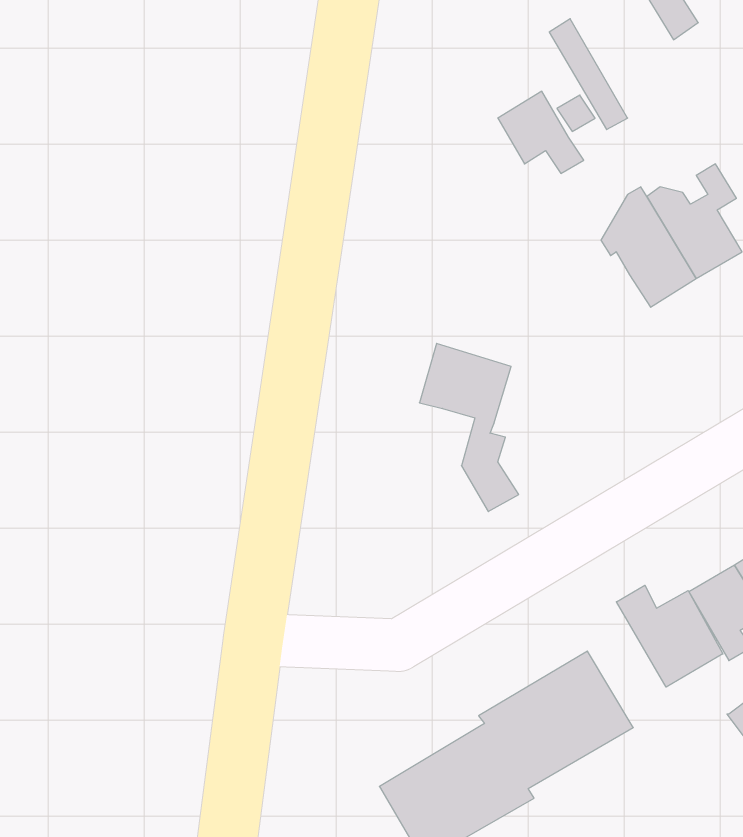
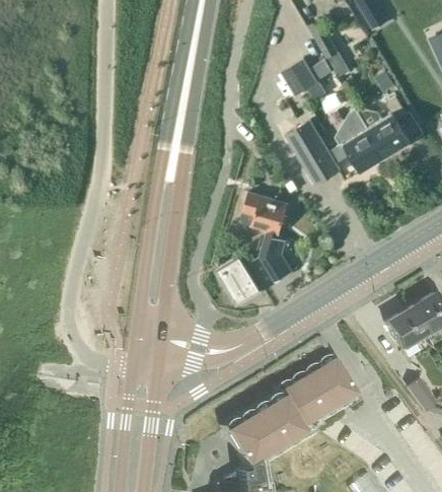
building: none -> [287,119,353,184]
building: none -> [219,257,263,303]
building: [616,585,723,687] -> none

